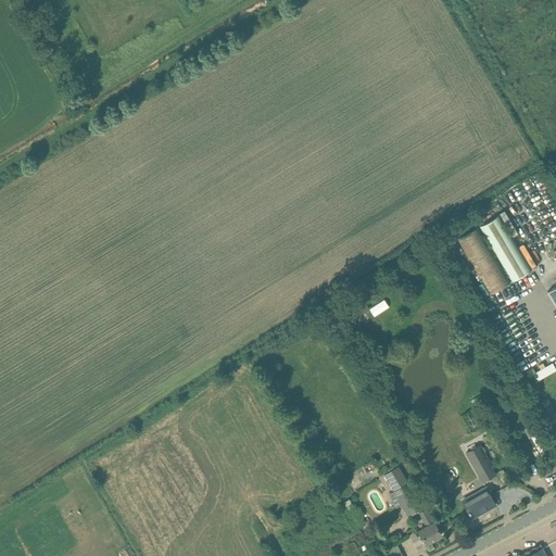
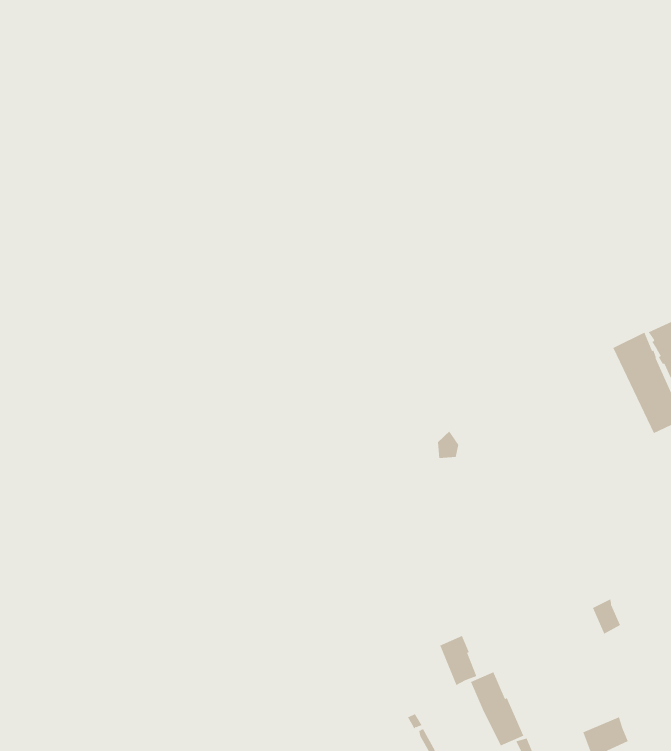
building: none -> [439,635,480,686]
building: [466,446,496,482] -> none

